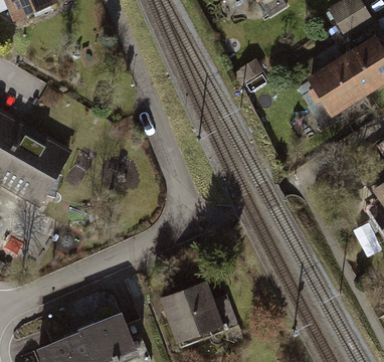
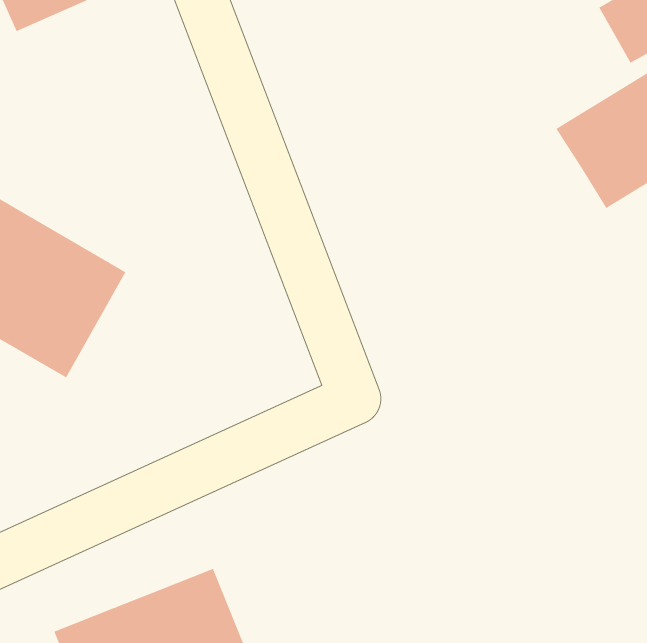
building: [158,282,224,346] -> none

